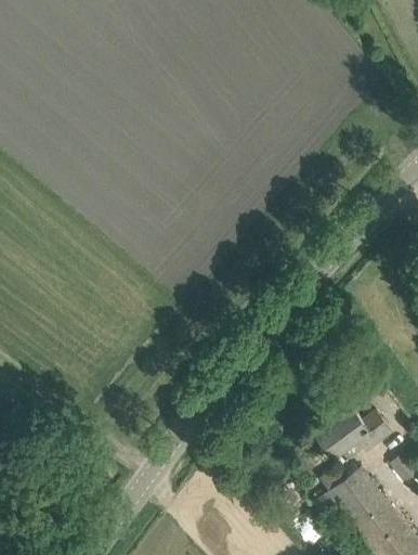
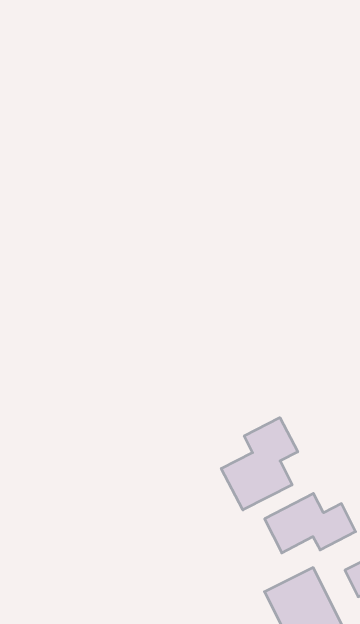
building: none -> [221,418,298,510]

